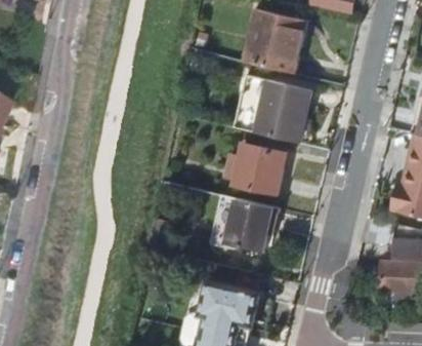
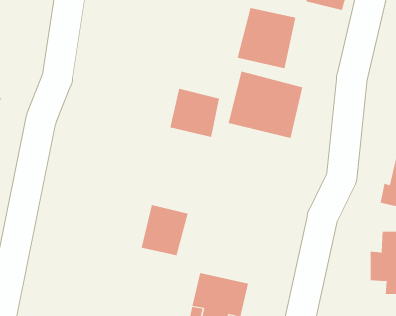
building: [236,144,287,194] -> [169,88,220,138]
building: [228,199,277,252] -> [141,204,188,256]

